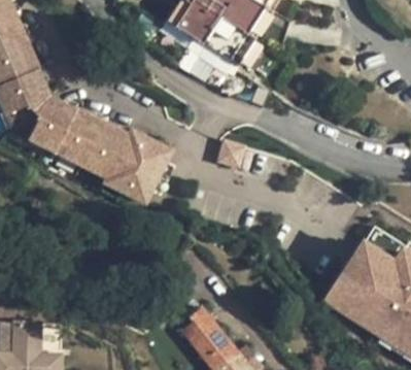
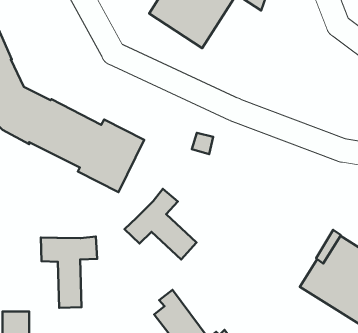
building: none -> [124,189,196,259]
building: none -> [41,236,97,308]

